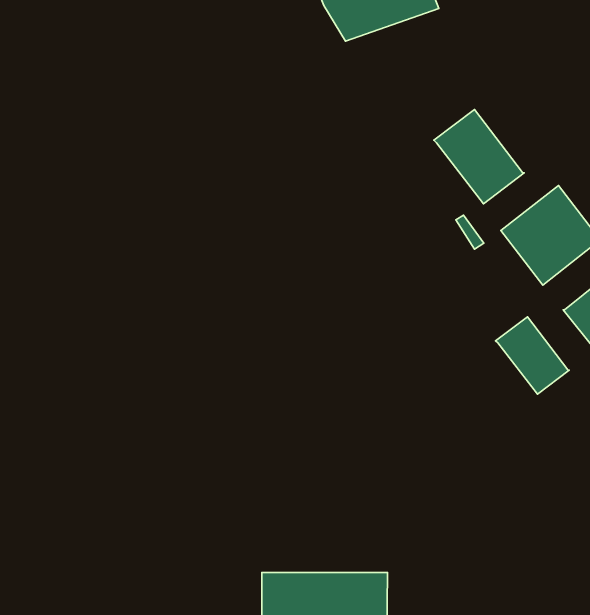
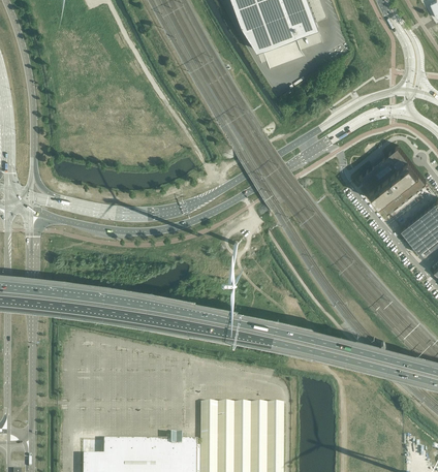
building: [434,109,524,204] -> none
building: [496,317,569,394] -> none

